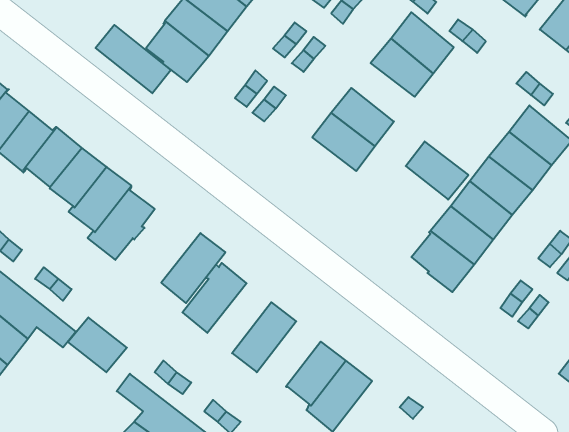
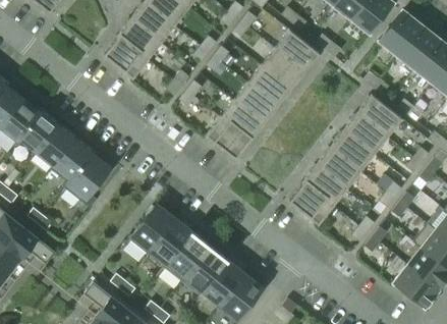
building: [96,25,171,93] -> none
building: none -> [205,116,250,158]
building: [406,141,468,200] -> [247,64,291,105]
building: [161,233,225,303] -> [147,218,191,267]
building: [68,317,127,372] -> none
building: none -> [181,245,226,294]

